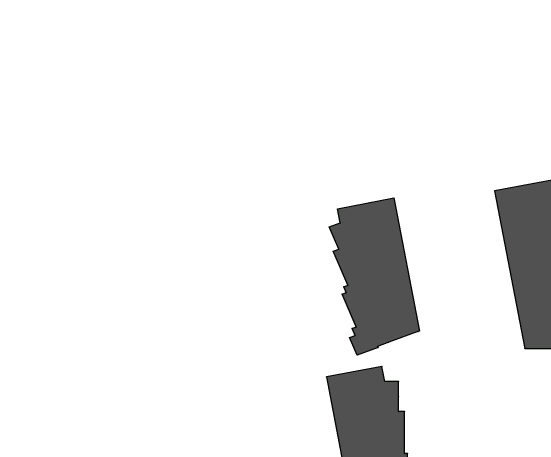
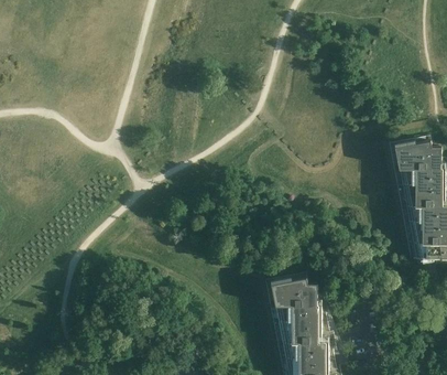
building: [329,198,419,355] -> none

